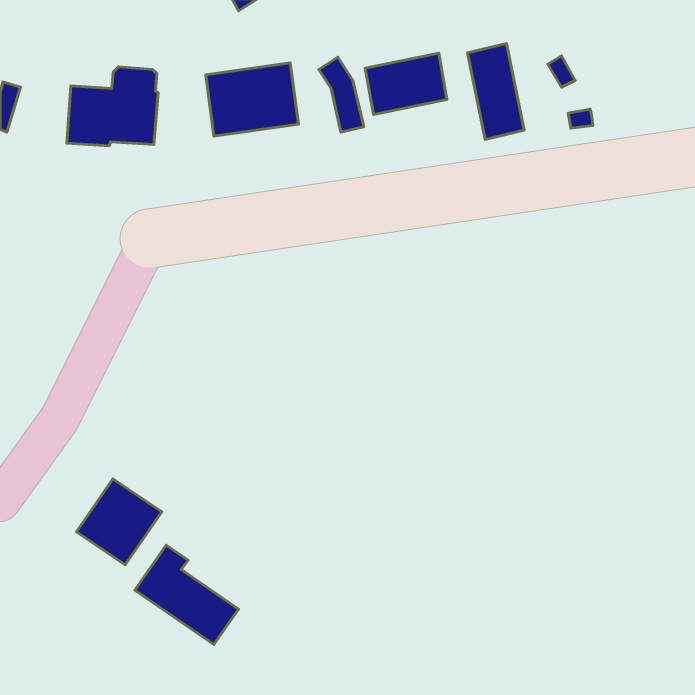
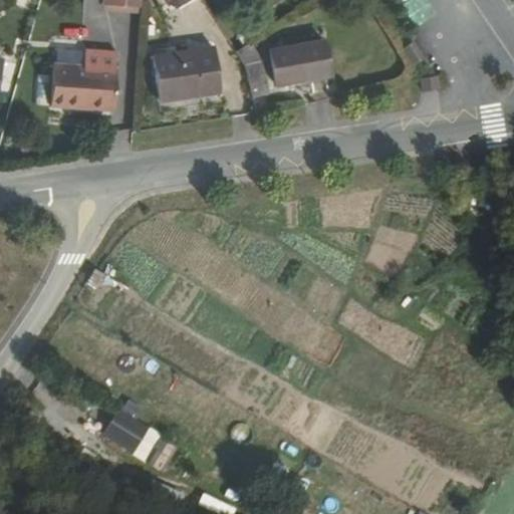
building: [467,44,524,140] -> none
building: [76,479,162,565] -> none

